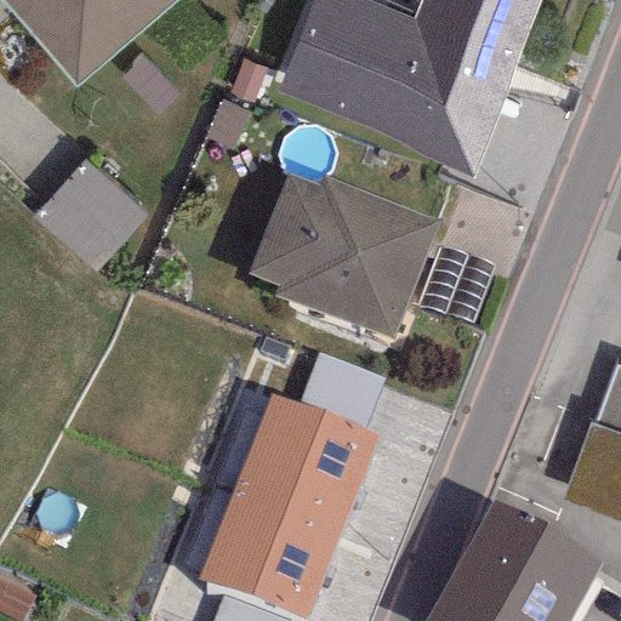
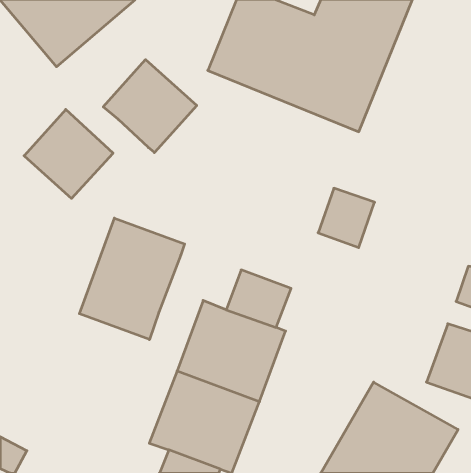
building: none -> [103,60,197,153]
building: [249,173,441,340] -> none
building: none -> [79,218,185,340]

